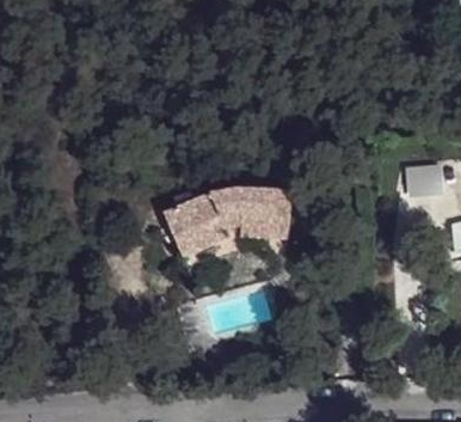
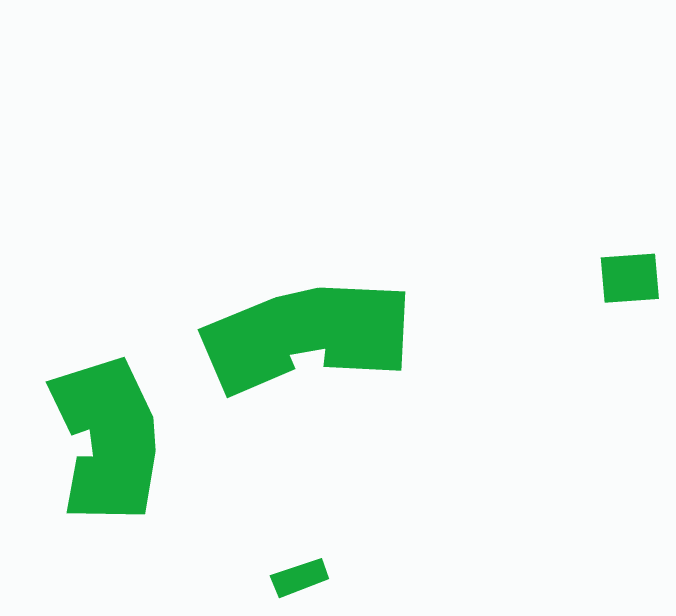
building: none -> [45,356,156,515]

